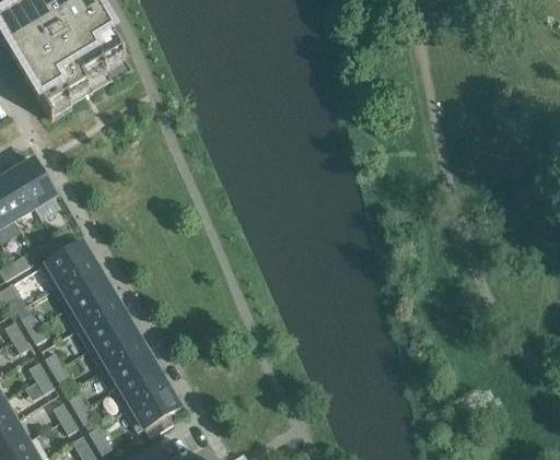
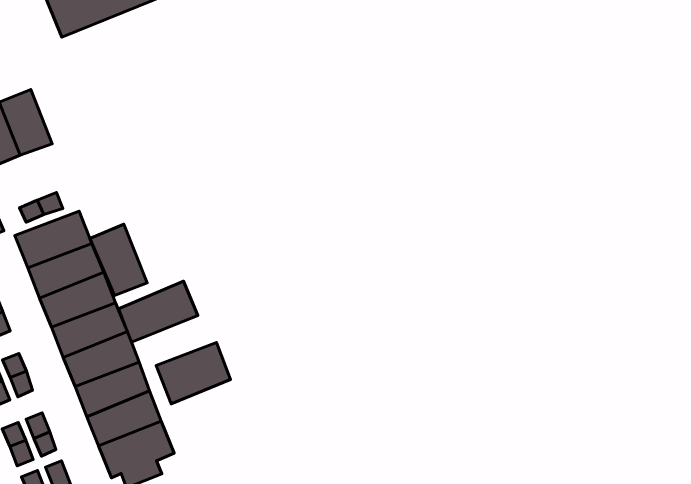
building: none -> [90,224,147,296]
building: none -> [118,281,198,342]
building: none -> [156,342,230,404]

